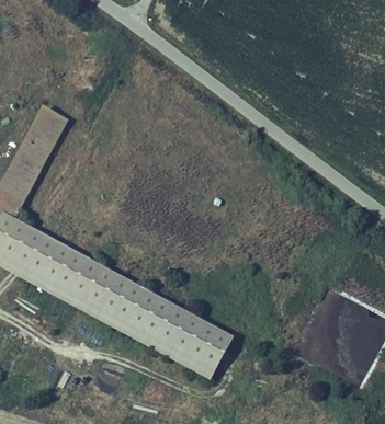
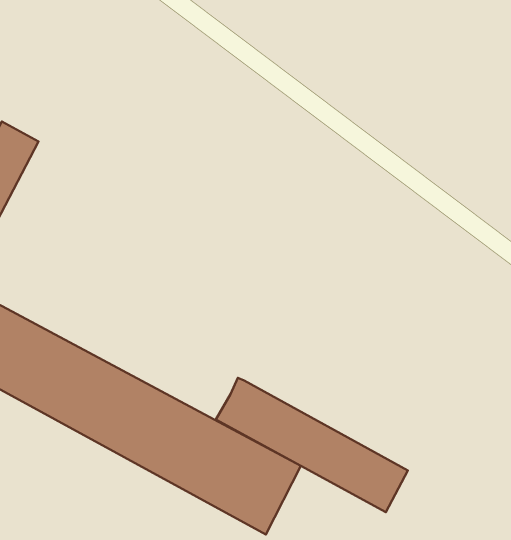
building: none -> [216,378,408,512]

